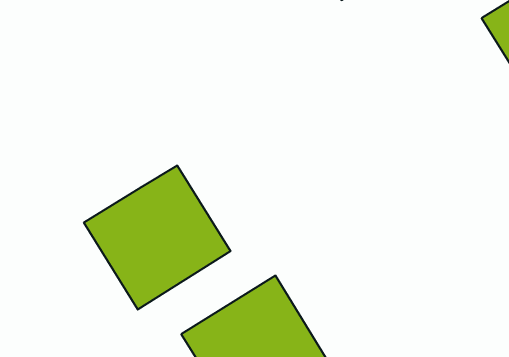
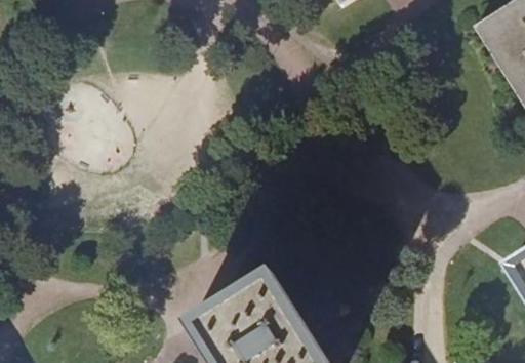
building: [84,165,230,310] -> none

